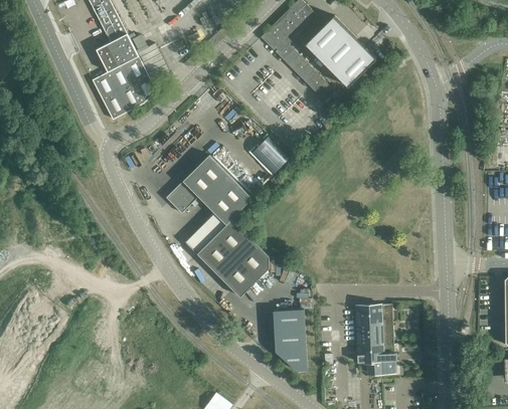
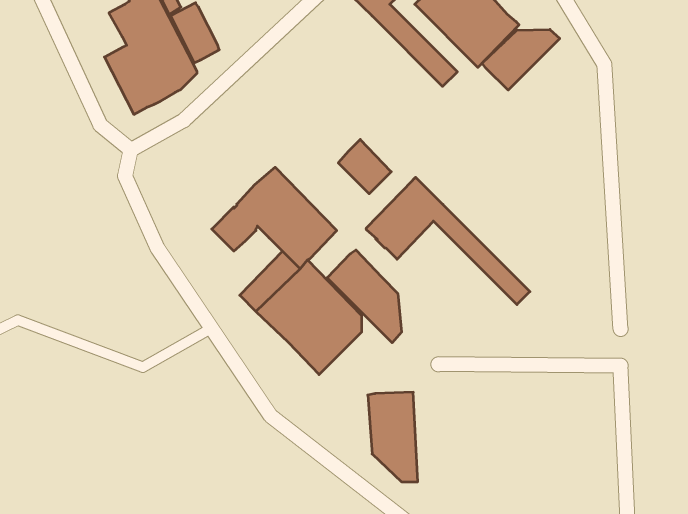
building: none -> [482,29,560,90]
building: none -> [366,177,530,305]
building: none -> [327,250,402,343]
building: [356,303,394,373] -> none

